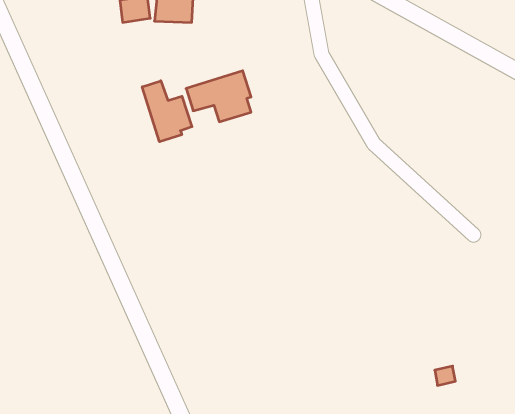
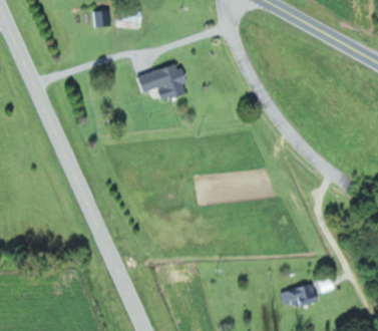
building: [142,81,192,142] -> none
building: none -> [281,284,317,308]

